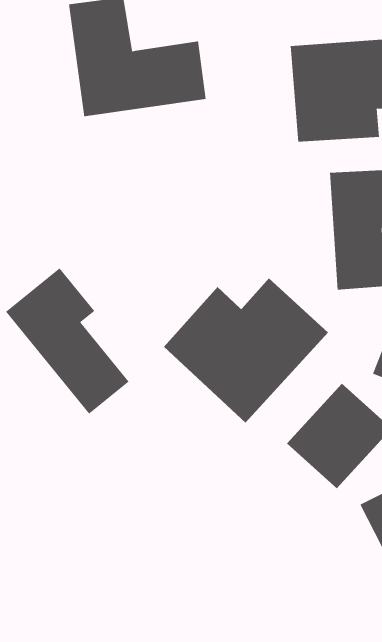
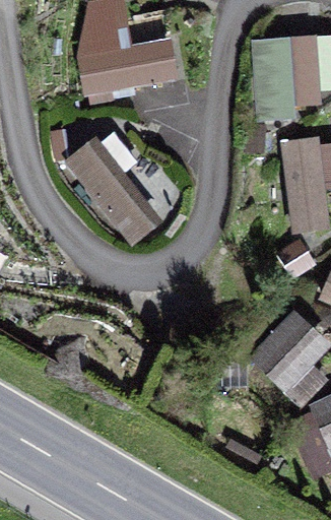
building: [5,268,129,415] -> [66,129,166,247]
building: [163,278,329,423] -> none

